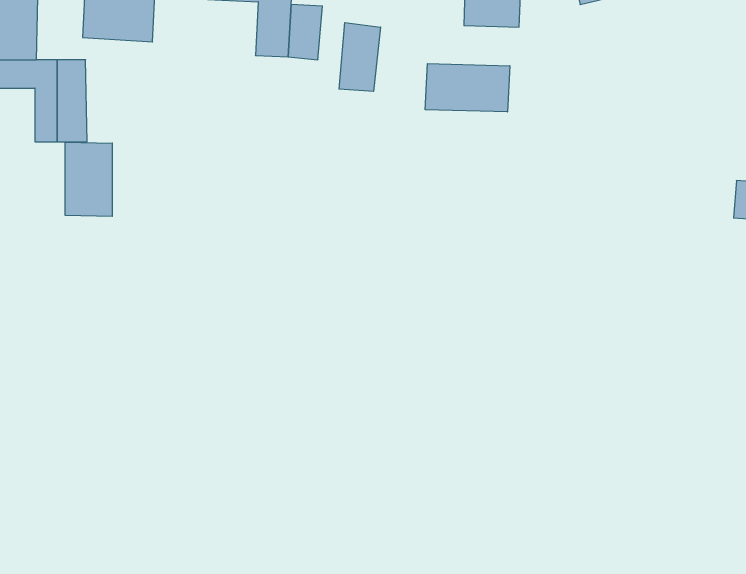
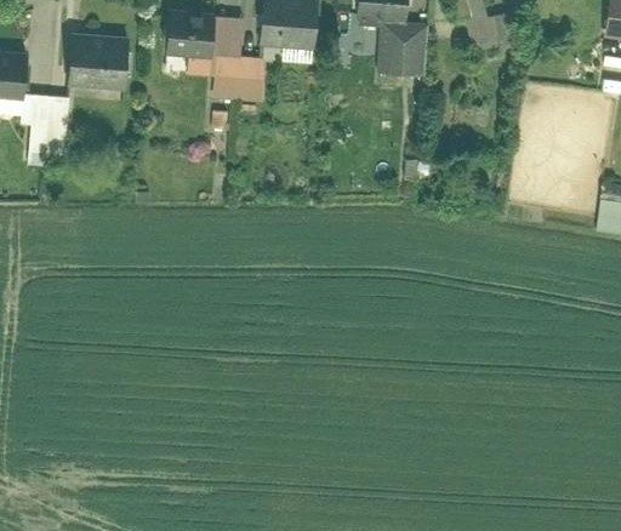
building: [339,23,381,91] -> none
building: [425,64,510,112] -> none
building: [65,142,112,216] -> none

